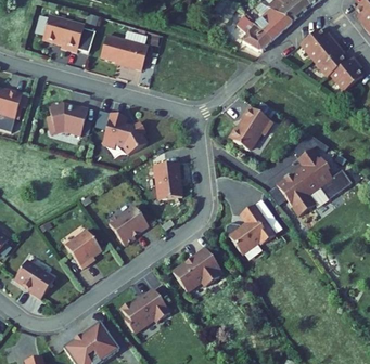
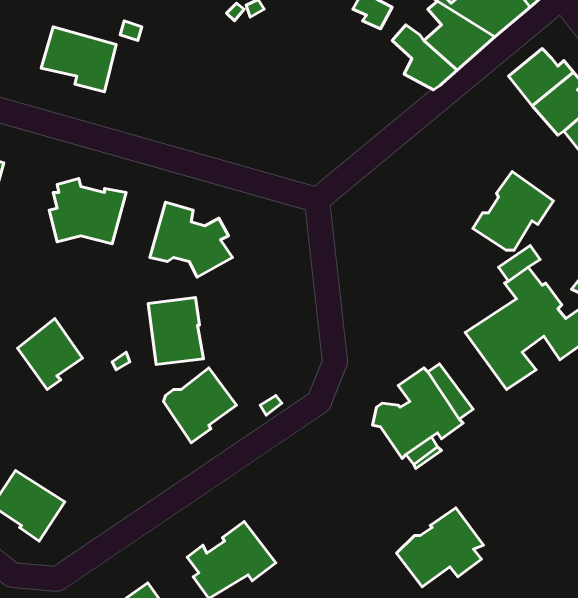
building: [100,34,148,68] -> none
building: [228,105,272,148] -> [473,171,554,250]
building: [154,161,184,198] -> [148,298,203,365]
building: [66,229,102,268] -> [18,319,83,390]
building: [174,247,221,290] -> [397,508,483,587]

